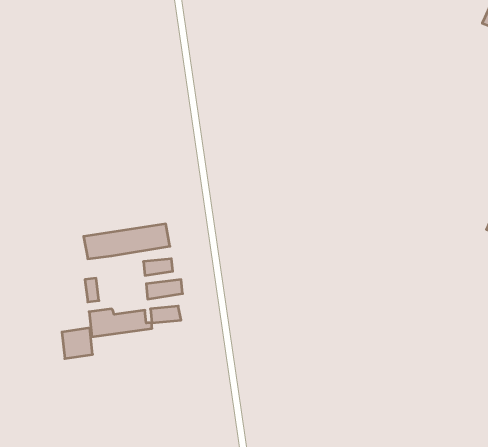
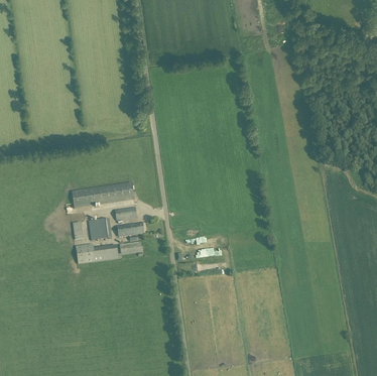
building: [62,328,93,359] -> [89,217,111,239]

